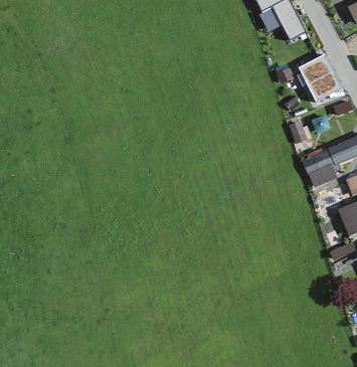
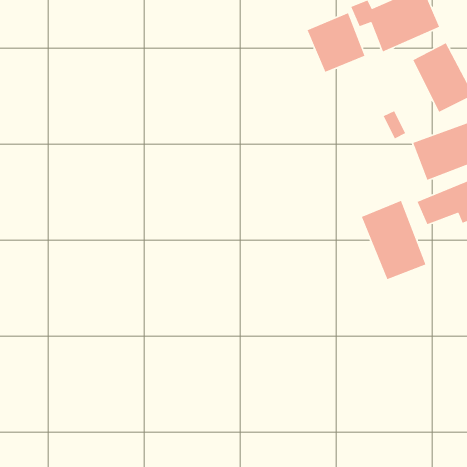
building: none -> [307,12,366,73]
building: none -> [361,200,426,280]

